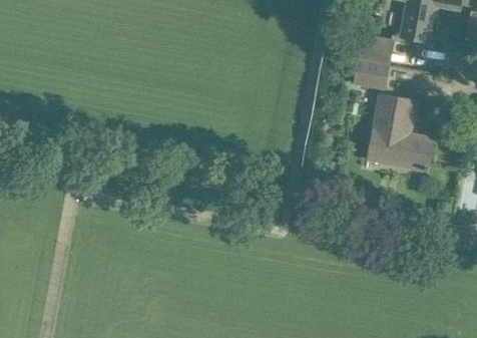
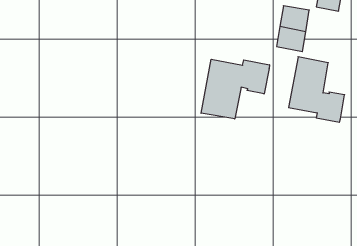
building: none -> [201,59,269,119]

